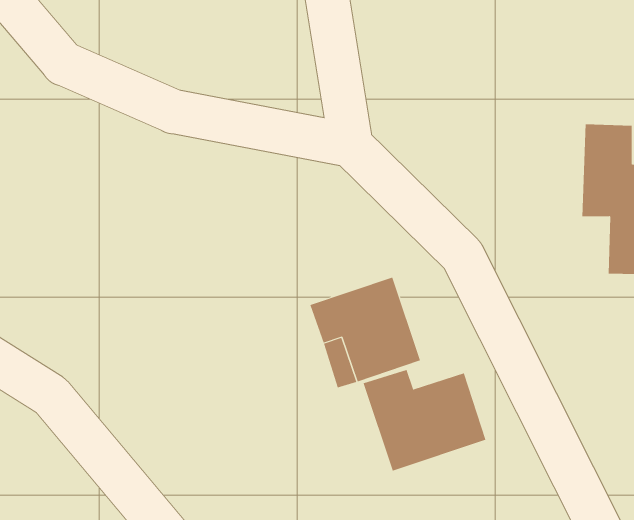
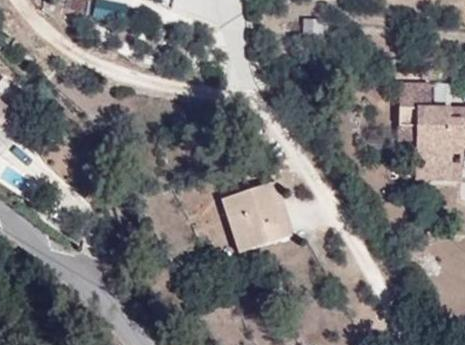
building: [363,369,486,472] -> none

